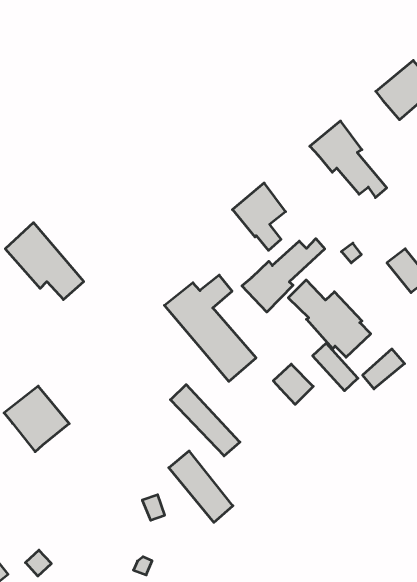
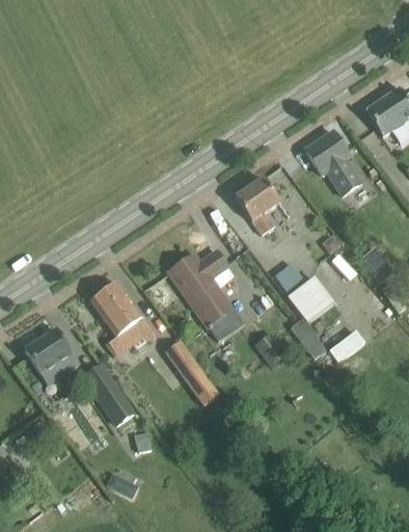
building: [5,223,84,300] -> [89,281,153,348]
building: [242,239,325,312] -> none
building: [169,451,233,522] -> [82,363,133,425]

